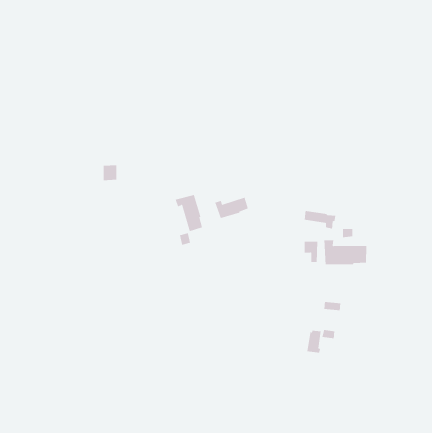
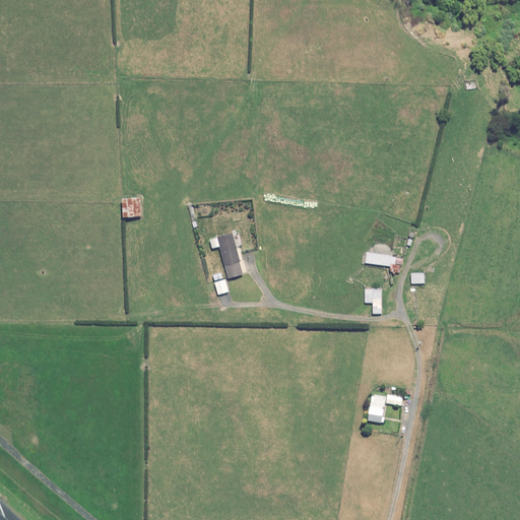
building: [215,197,249,219] -> none
building: [324,240,367,265] -> none

